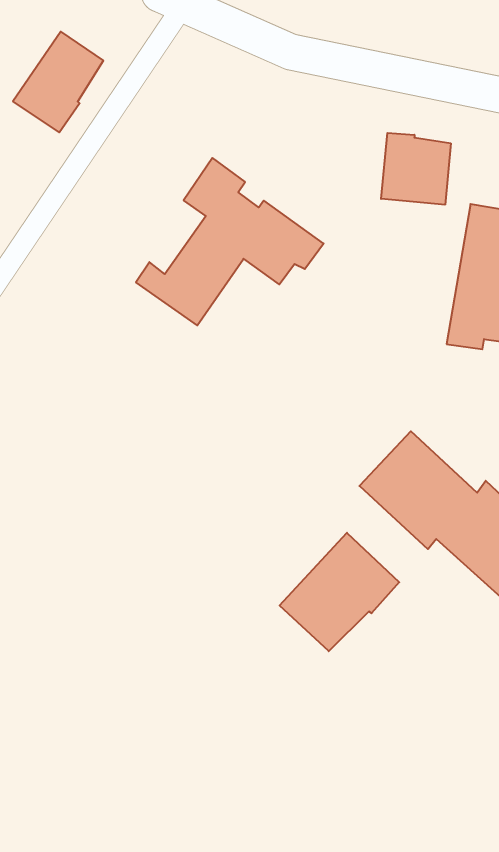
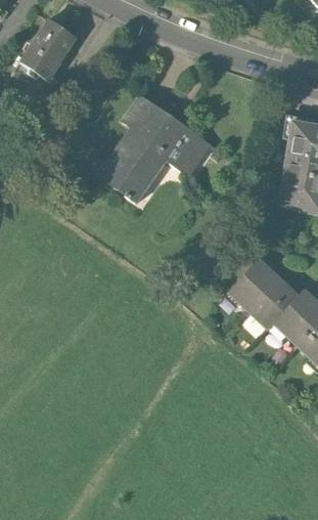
building: [381,133,451,205] -> none
building: [280,533,399,651] -> none

